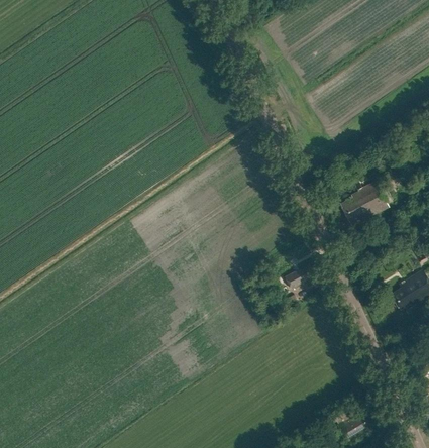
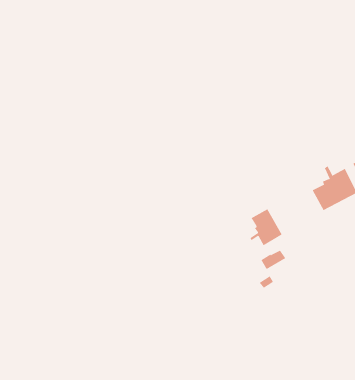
building: none -> [250,209,282,246]

